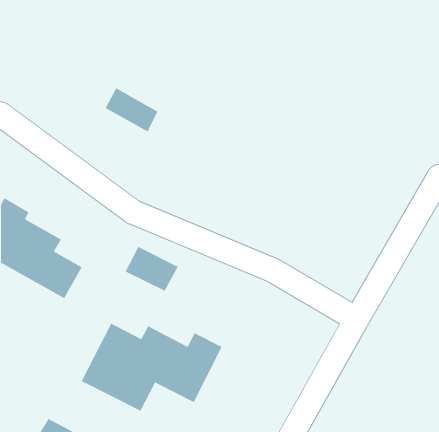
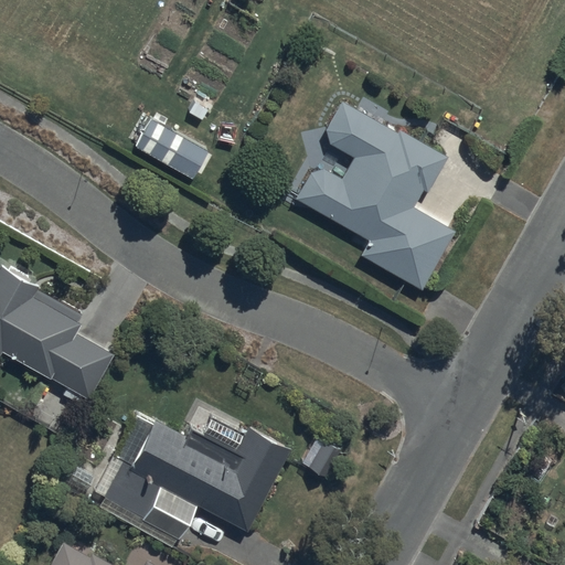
building: none -> [300,104,447,284]
building: [125,246,179,291] -> none

